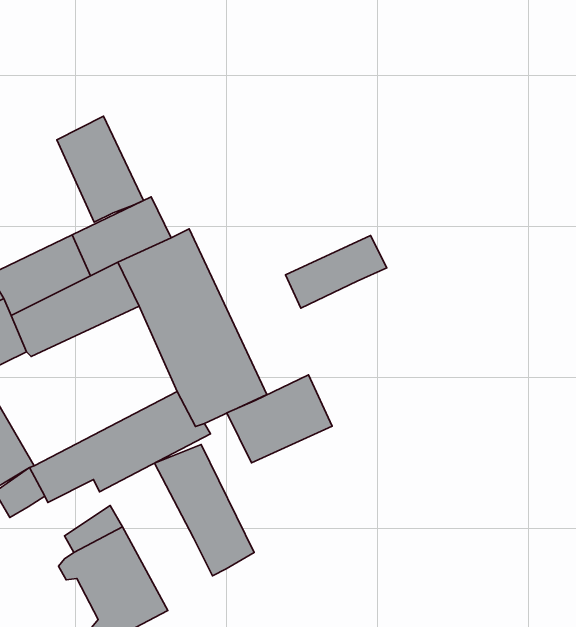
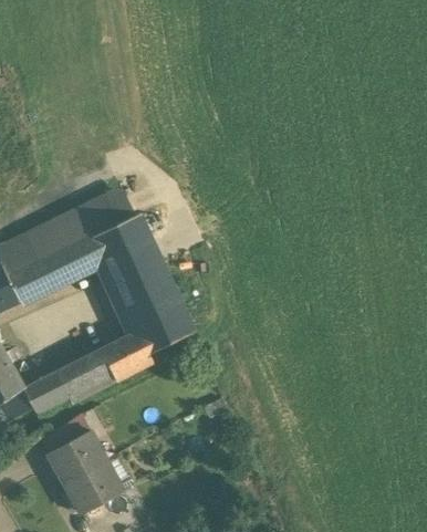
building: [57,116,143,222] -> none
building: [286,236,387,308] -> none
building: [227,375,332,463] -> none
building: [155,445,254,576] -> none

